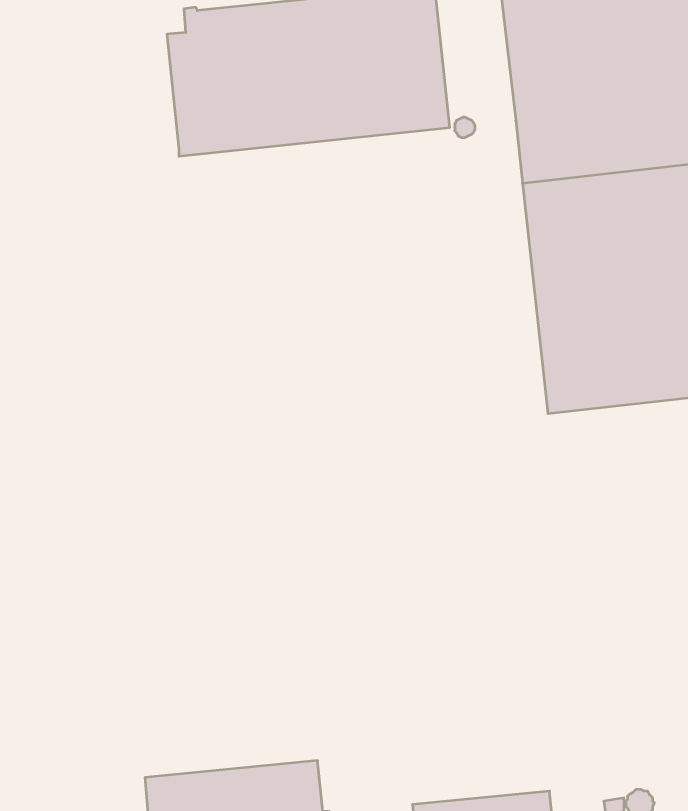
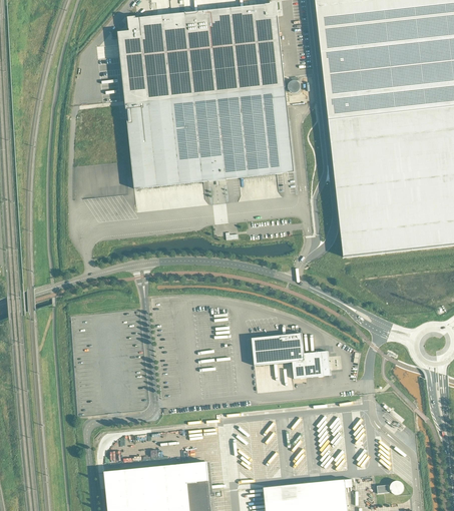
building: none -> [125,87,295,188]
building: none -> [252,333,331,379]

